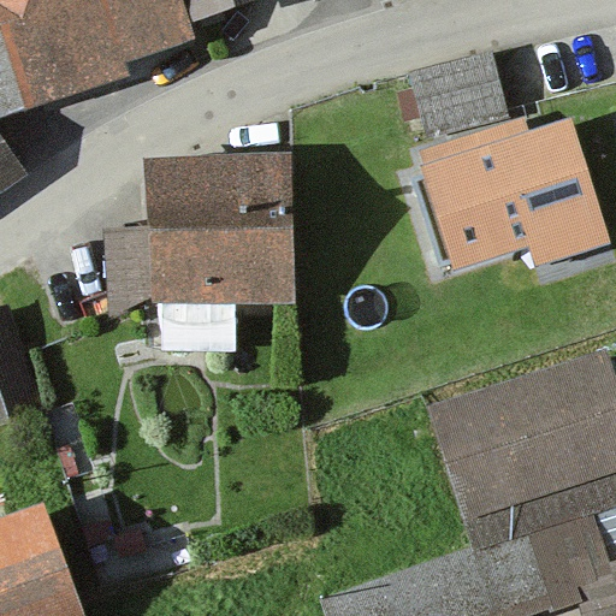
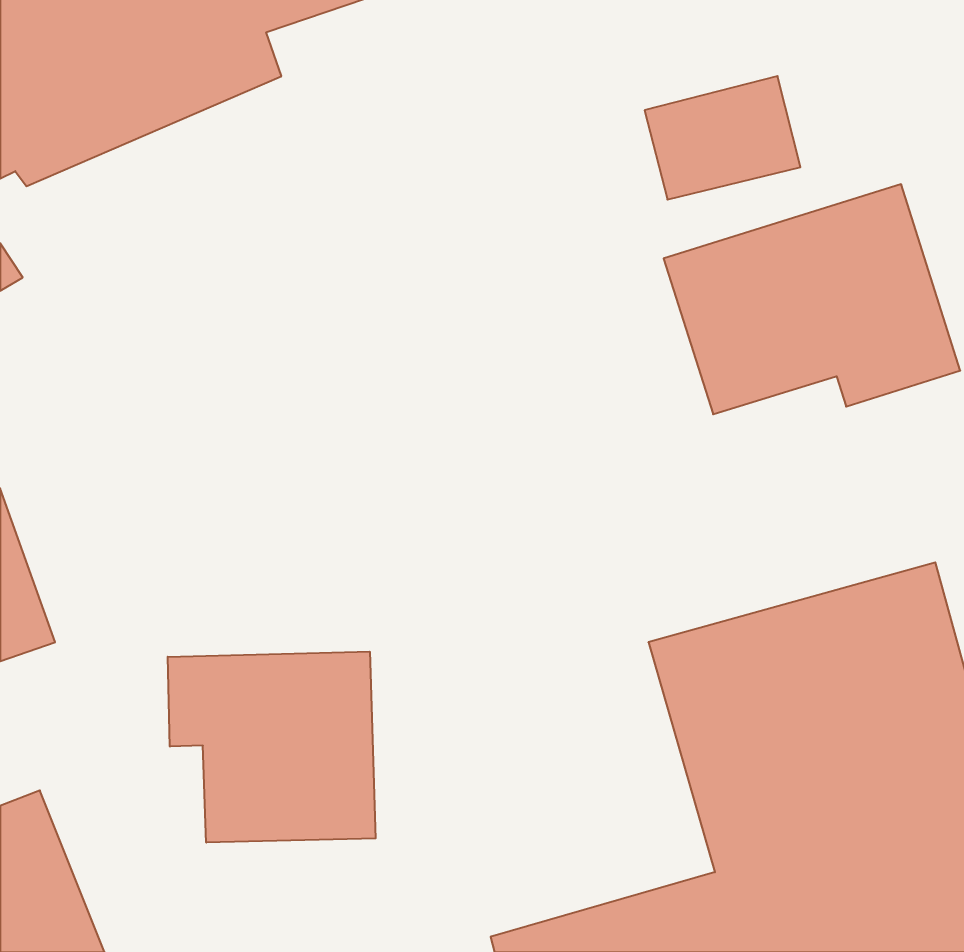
building: [135,158,283,355] -> none
building: none -> [168,652,376,843]

